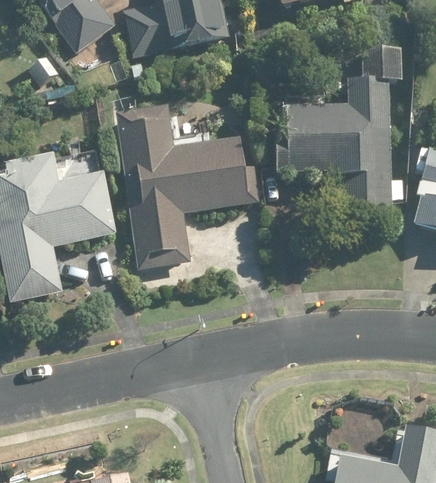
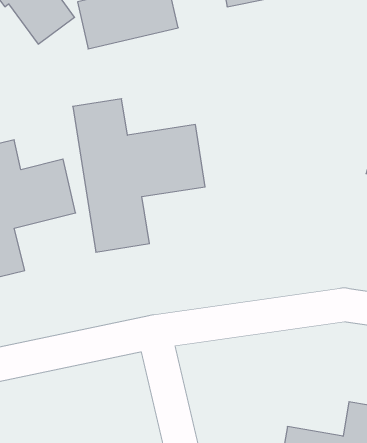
building: [281,50,405,216] -> none

